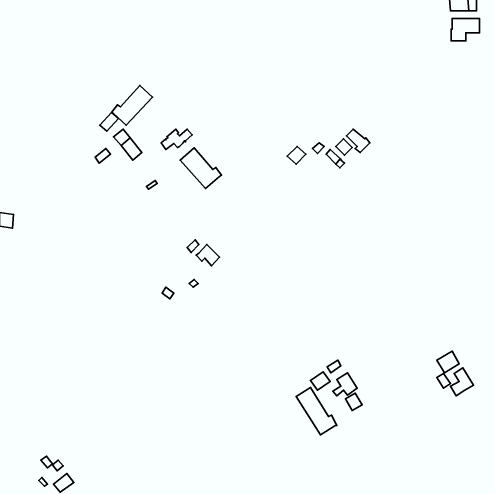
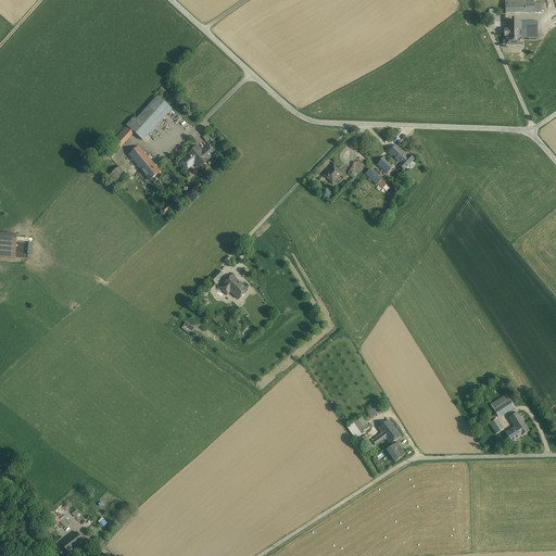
building: [180,148,221,189] -> none
building: [296,387,337,435] -> none

